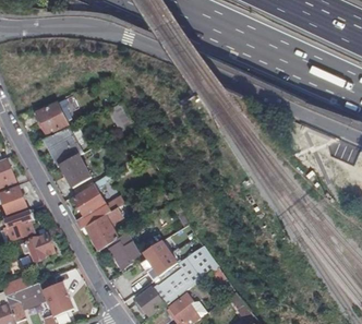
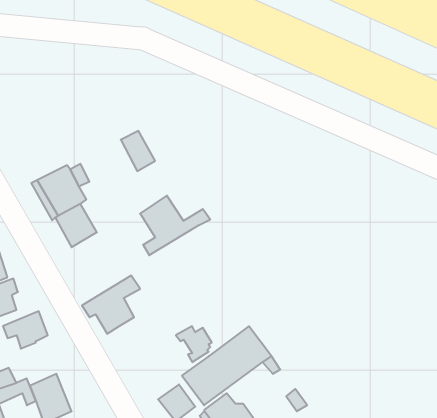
building: [36,99,70,133] -> none
building: [73,185,124,229] -> [140,196,210,255]
building: [107,232,137,268] -> none

